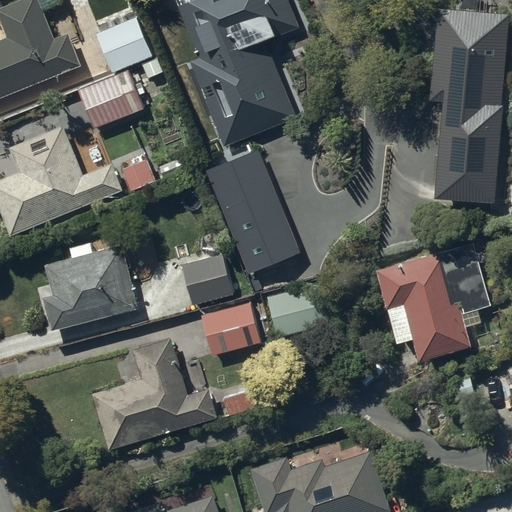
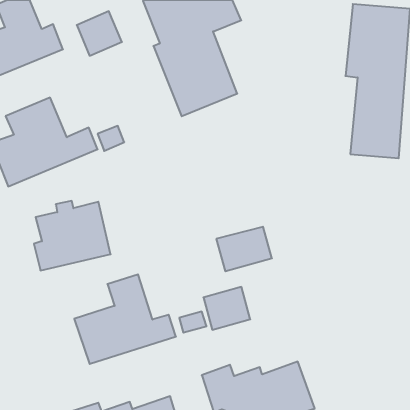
building: [77,71,141,127] -> none
building: [205,146,301,273] -> none
building: [379,241,490,357] -> none
building: [181,257,231,307] -> none
building: [203,306,261,359] -> [203,287,250,330]

